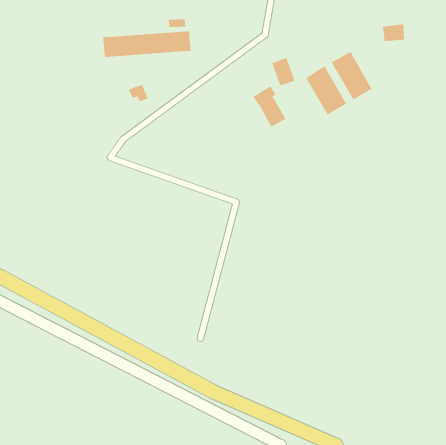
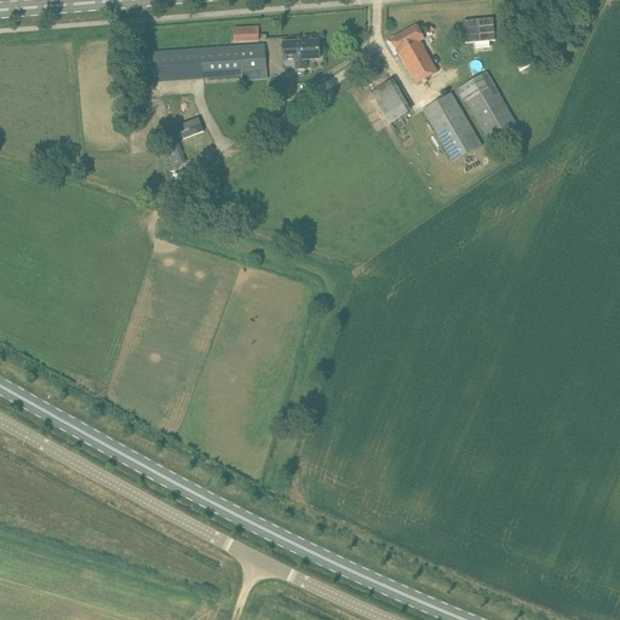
building: [382,23,405,42] -> [463,16,494,41]
building: none -> [283,39,318,68]
building: [252,85,287,128] -> [390,23,437,82]

